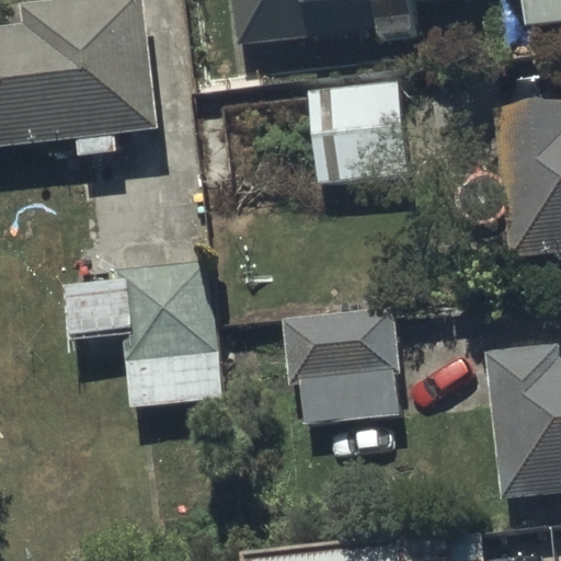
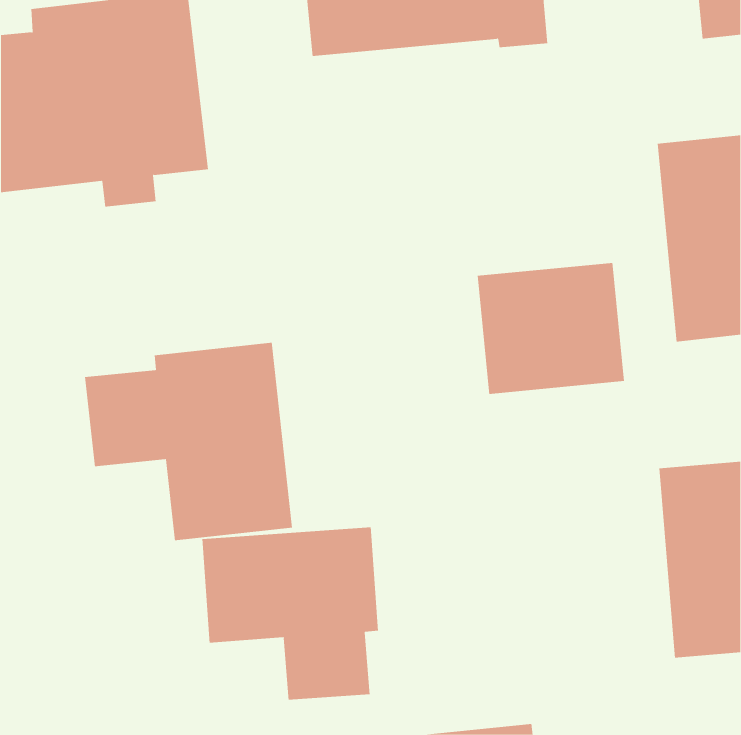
building: [308,80,420,180] -> [477,262,625,394]
building: [282,307,398,420] -> none
building: none -> [202,526,379,701]

